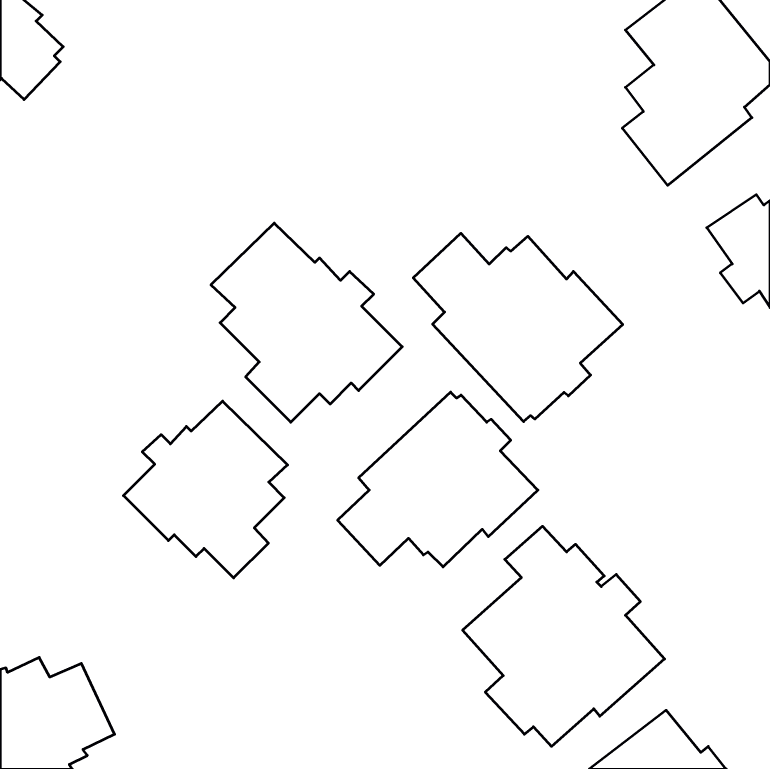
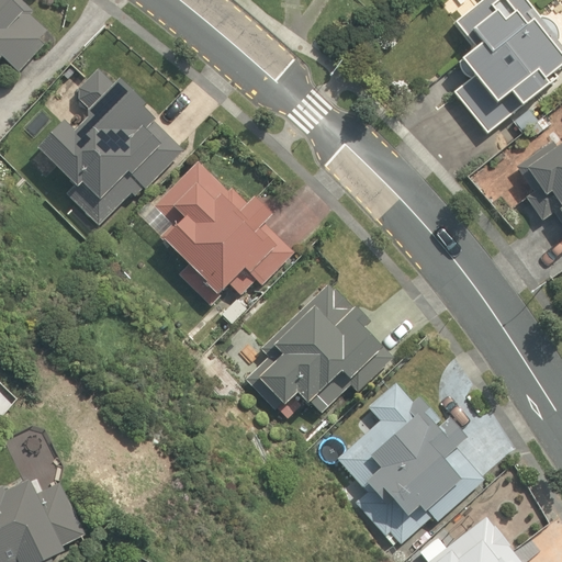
building: none -> [40,69,183,225]
building: [413,233,623,422] -> none
building: [123,401,288,578] -> none

